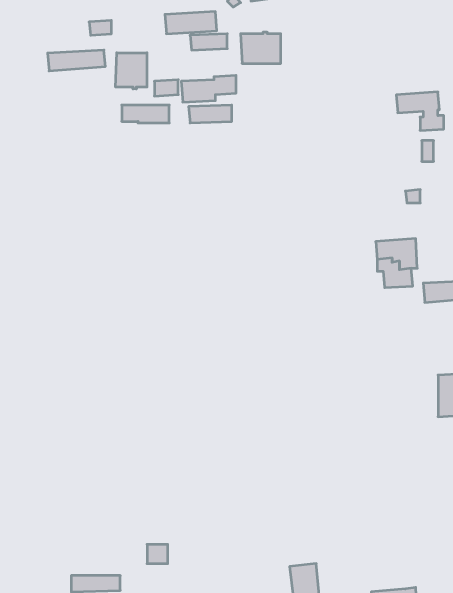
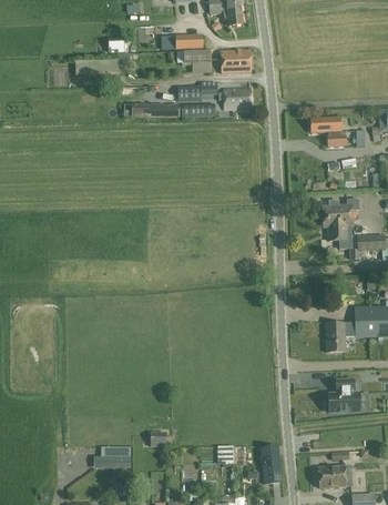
building: [116,53,147,89] -> none
building: none -> [224,88,251,109]
building: [396,92,444,130] -> [309,117,345,145]
building: none -> [326,305,368,351]
building: none -> [326,378,359,412]

